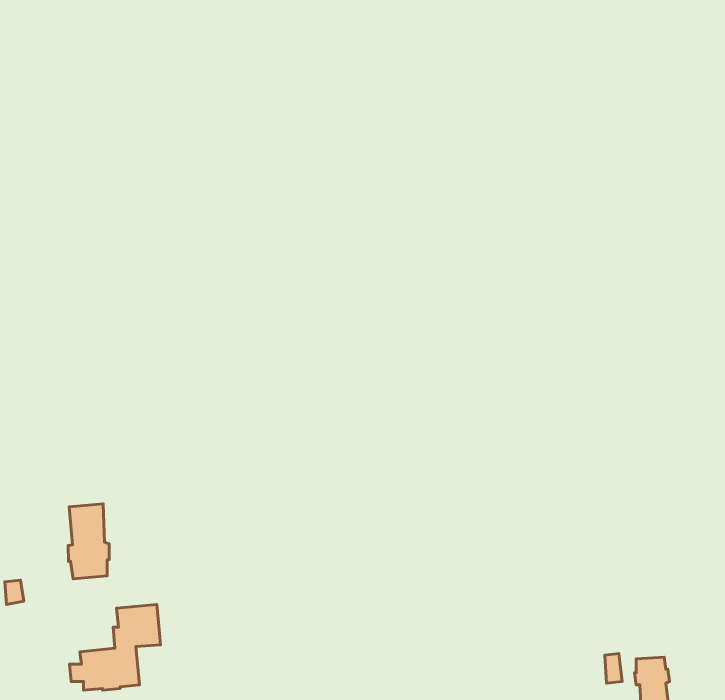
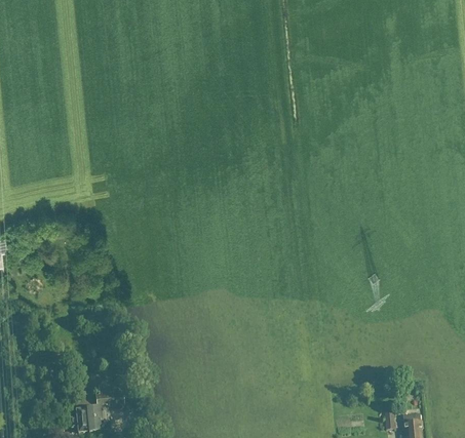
building: [68,504,109,579] -> none

